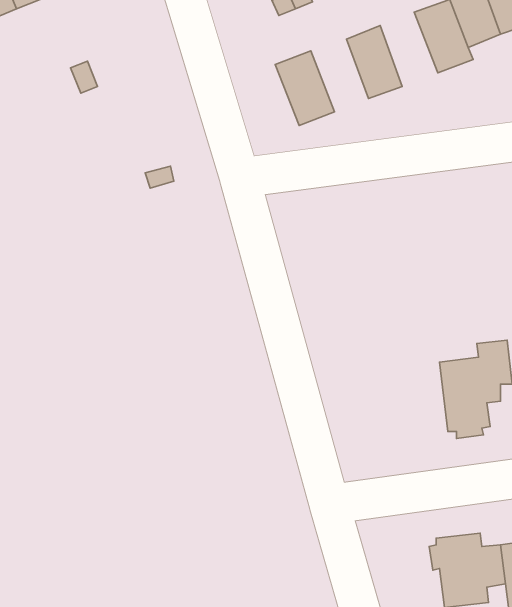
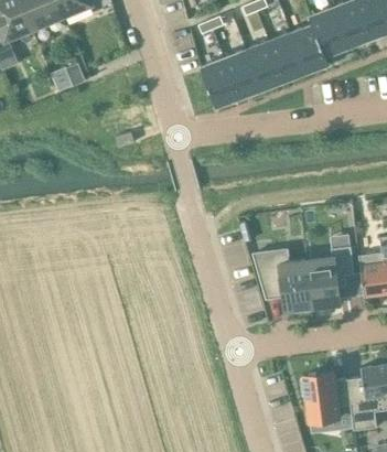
building: none -> [269,32,307,80]
building: none -> [224,50,261,97]
building: none -> [254,249,313,310]

